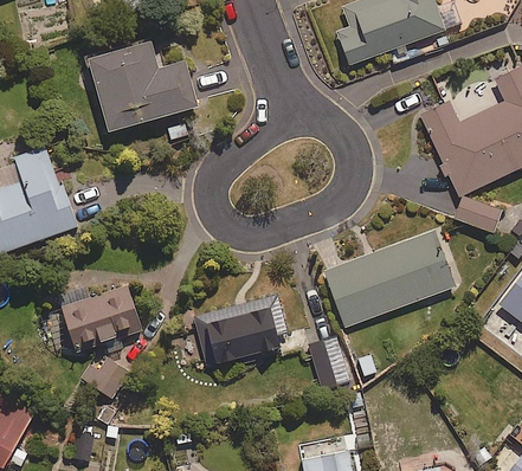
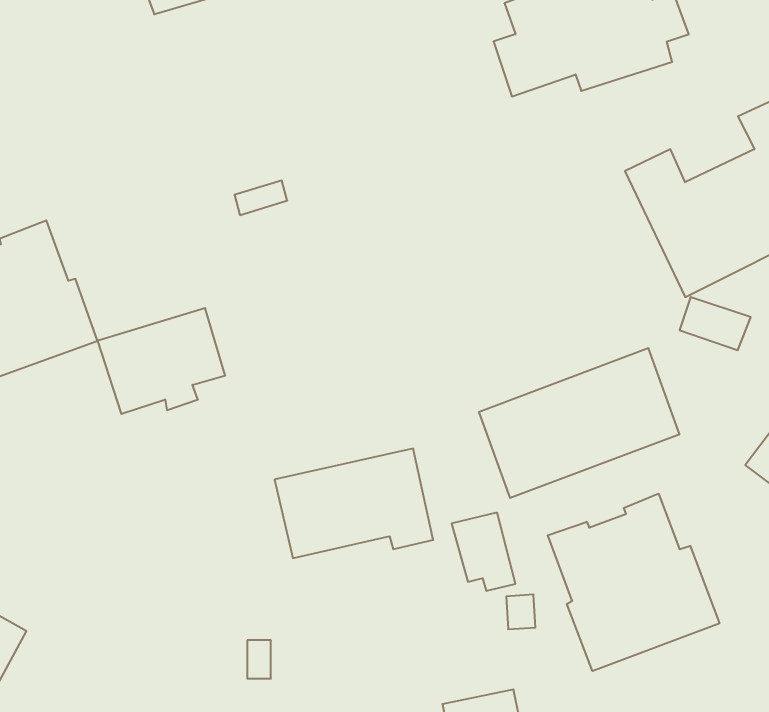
building: [90,40,199,130] -> none
building: [60,285,143,354] -> [98,308,225,414]
building: none -> [548,494,719,671]

